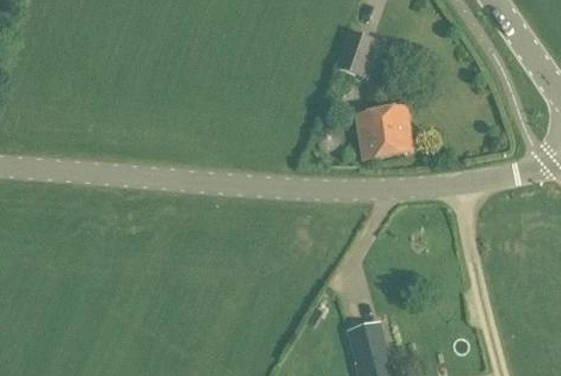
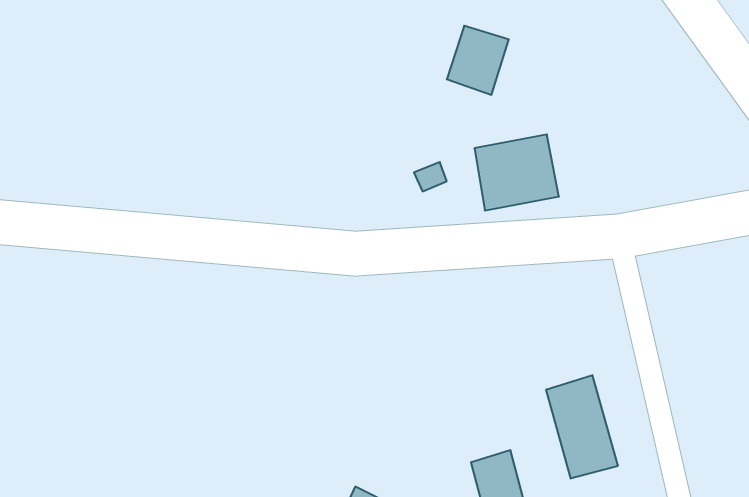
building: none -> [546,375,618,479]

